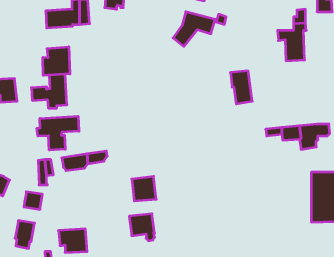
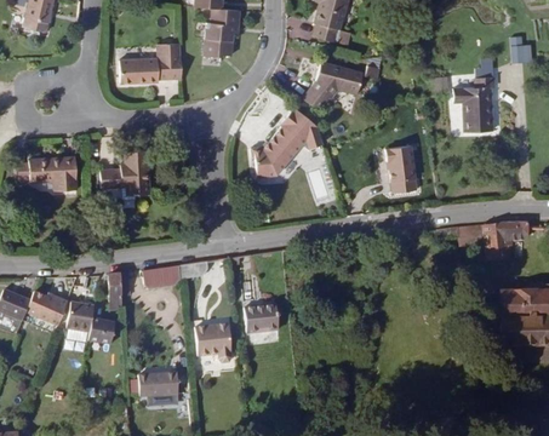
building: none -> [251,107,324,177]
building: [43,47,70,75] -> none
building: [37,116,79,150] -> none
building: [129,214,155,241] -> [195,323,231,362]
building: [15,221,35,248] -> [67,302,95,342]

